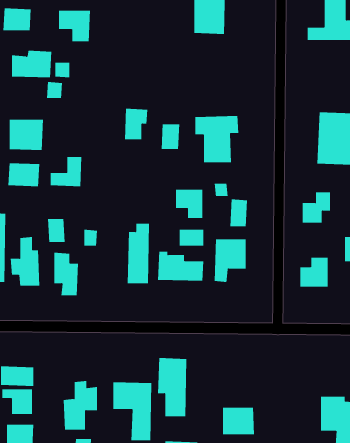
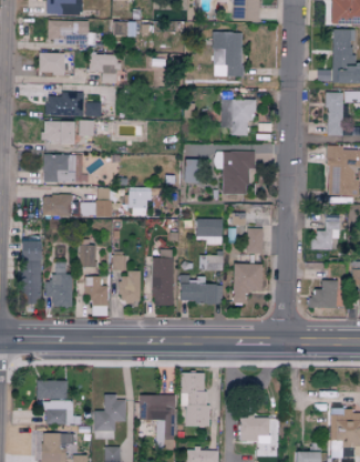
building: none -> [327,92,344,136]
building: none -> [222,99,253,135]
building: none -> [45,121,74,143]
building: [124,108,148,140] -> [130,187,152,216]
building: none -> [120,273,141,301]

